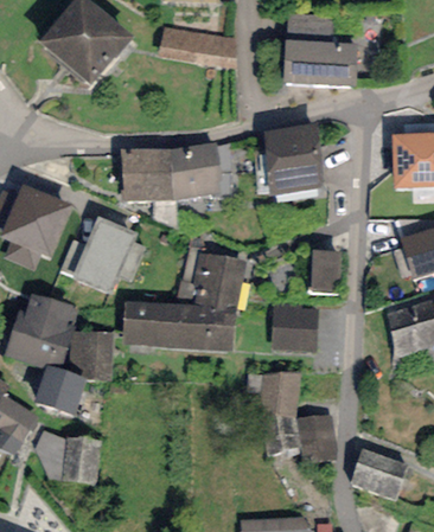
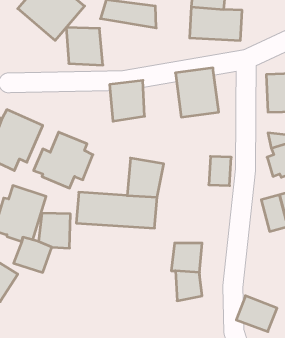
building: [121,147,173,200] -> [66,28,103,65]
building: [270,305,317,353] -> none
building: [296,415,336,460] -> none
building: [34,429,101,485] -> none

